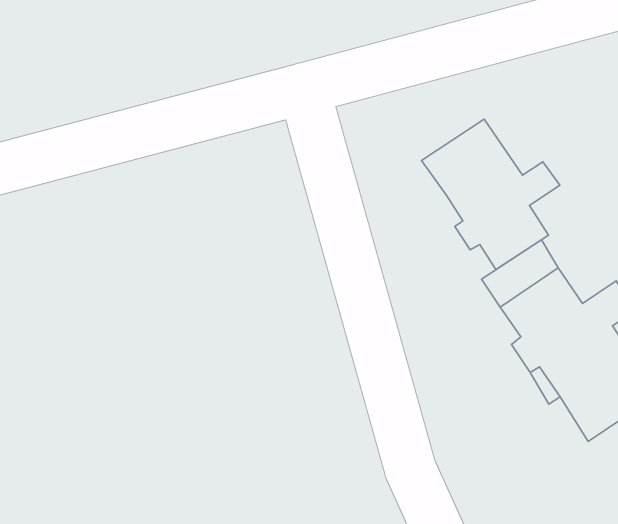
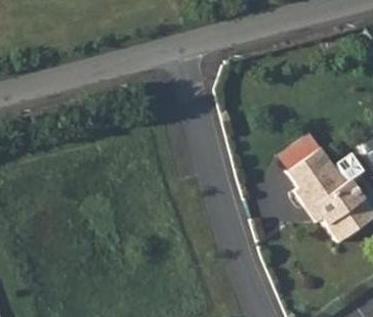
building: [421,119,560,270] -> none

